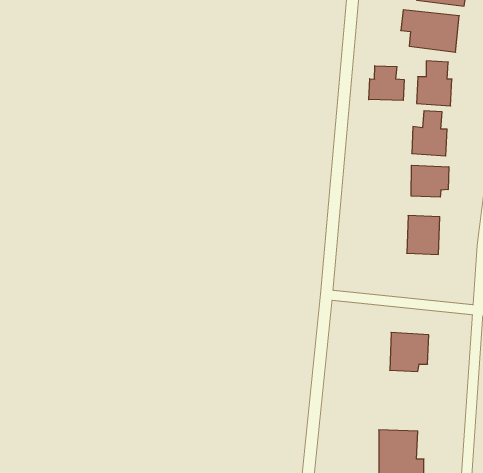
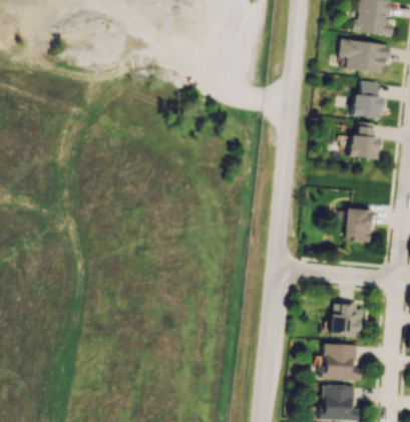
building: [369,66,404,100] -> none
building: [411,165,449,197] -> none
building: none -> [320,344,360,381]

